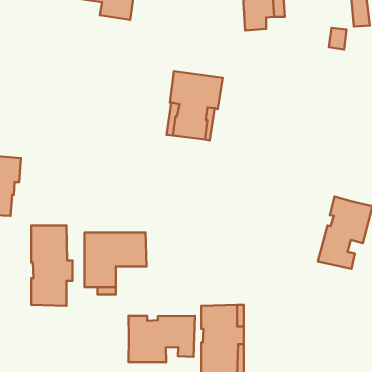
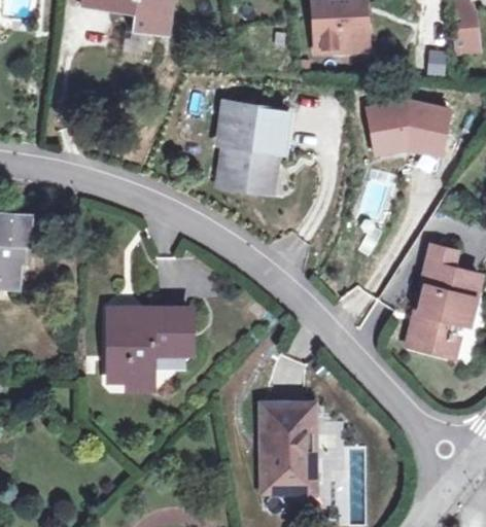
building: none -> [364,98,447,155]
building: none -> [404,246,457,347]
building: [31,226,73,306] -> none
building: [128,316,195,362] -> none

